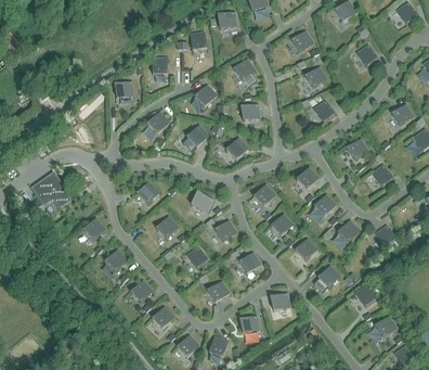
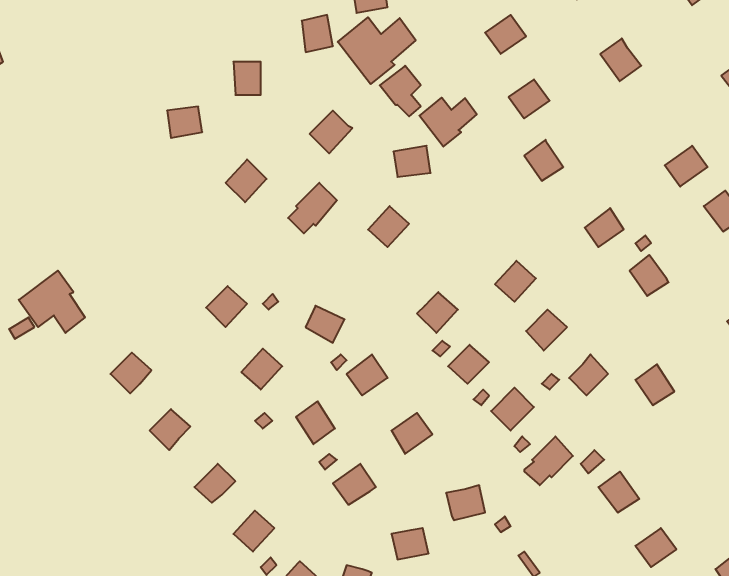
building: none -> [338,17,416,84]
building: none -> [419,98,477,147]

